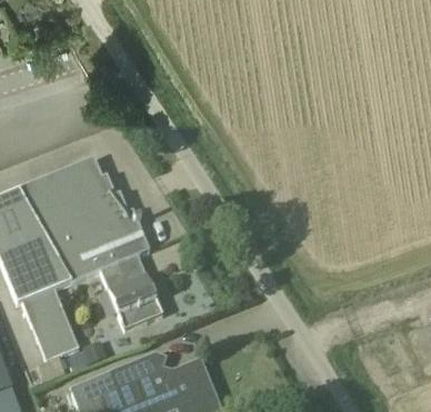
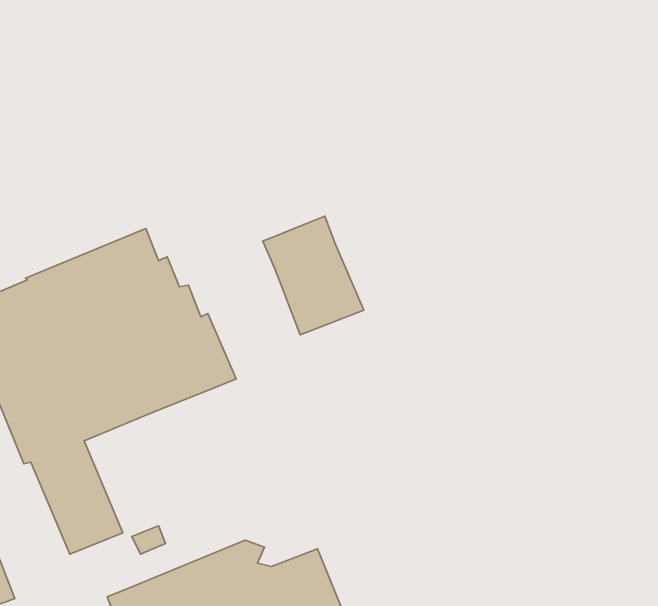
building: [100,257,163,331] -> [263,216,364,335]

